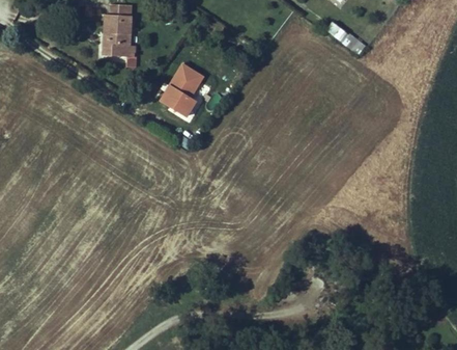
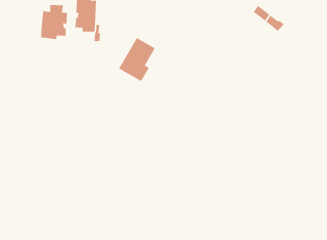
building: none -> [41,4,67,40]

